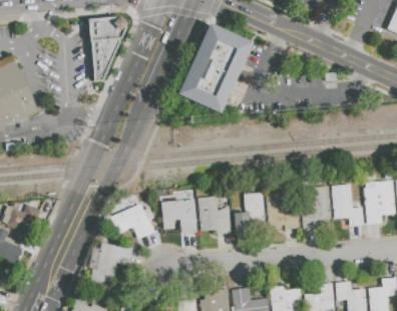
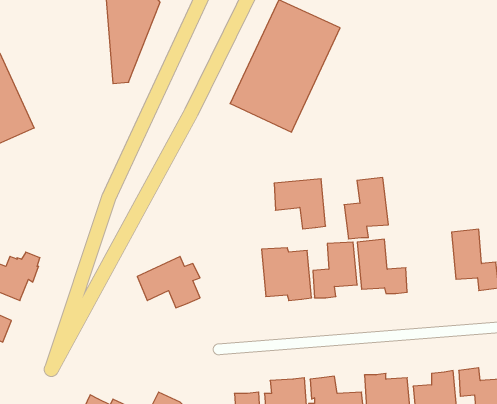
building: [301,186,332,229] -> [344,178,388,239]
building: [161,199,197,234] -> [274,179,326,229]
building: [89,243,132,284] -> none

